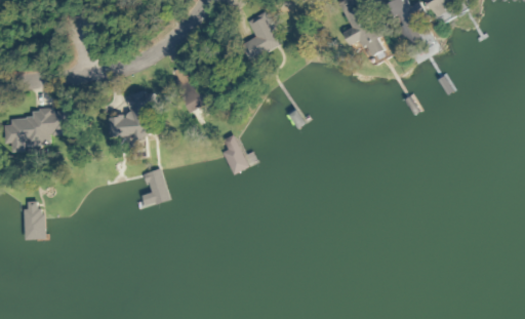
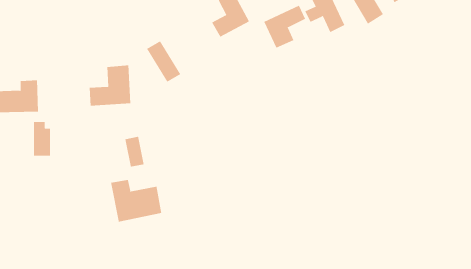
building: none -> [263,5,306,49]
building: [25,201,44,239] -> [33,122,51,156]
building: none -> [110,179,162,223]

